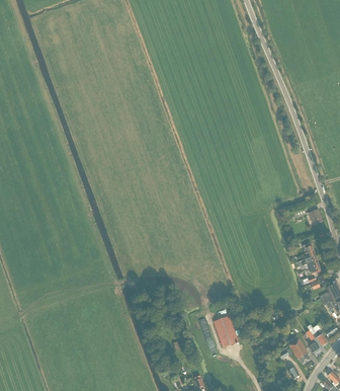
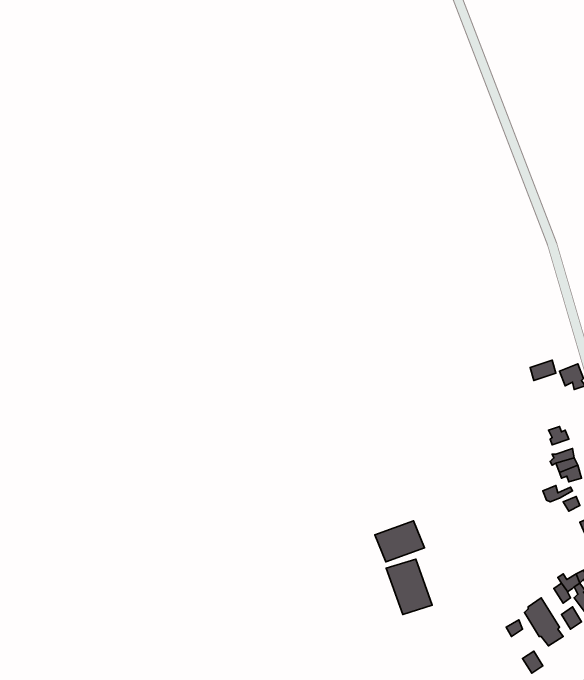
building: none -> [375,521,425,562]

